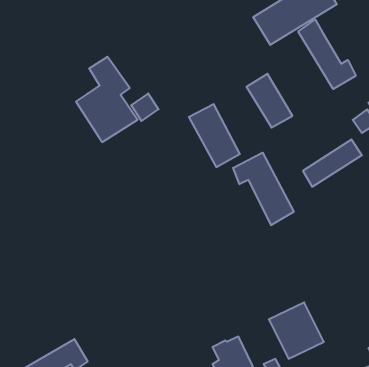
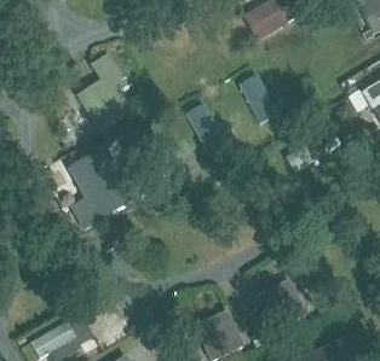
building: [298,20,356,89] -> none
building: [233,153,294,225] -> none
building: none -> [70,142,136,227]

